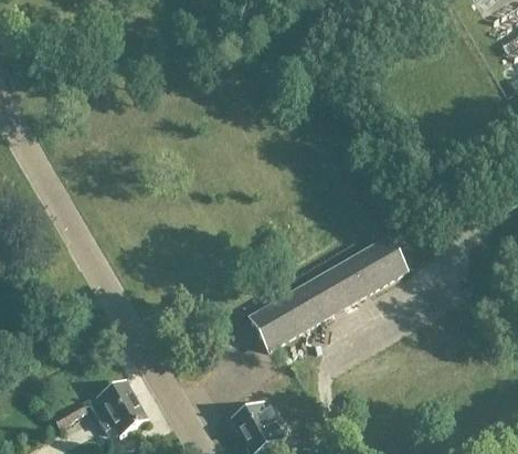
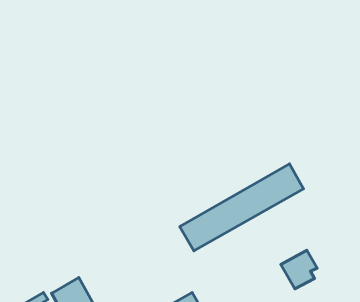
building: none -> [281,250,317,289]

